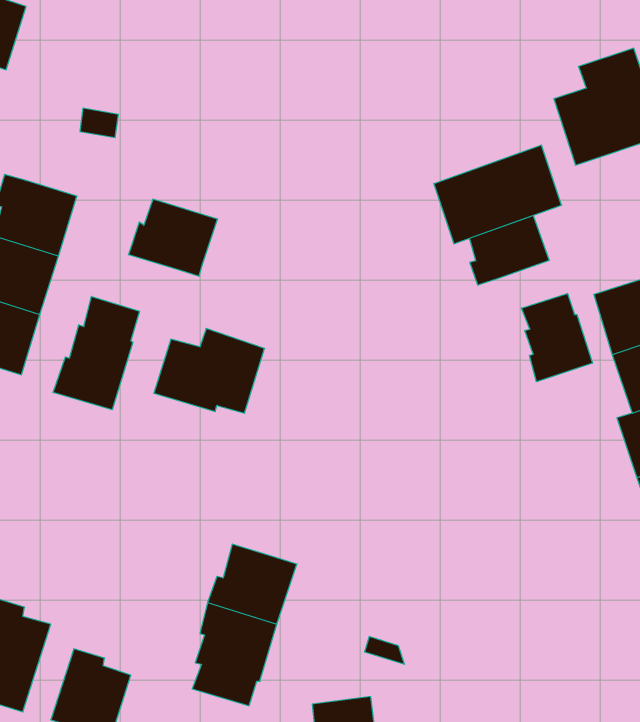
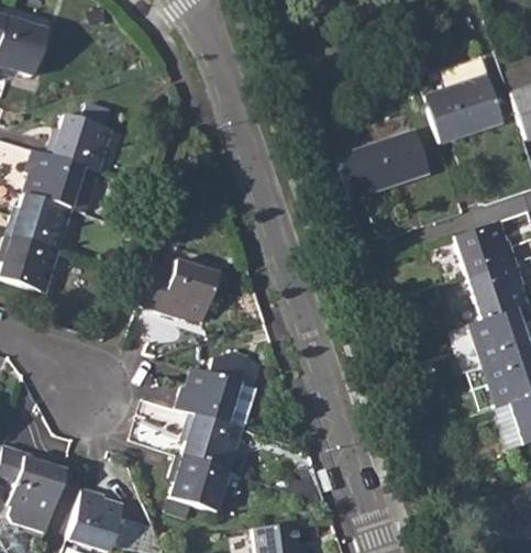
building: [128,199,218,276] -> [48,114,112,169]
building: [469,215,549,285] -> none
building: [522,294,592,382] -> none
building: [53,296,140,410] -> none
building: none -> [176,350,248,423]

